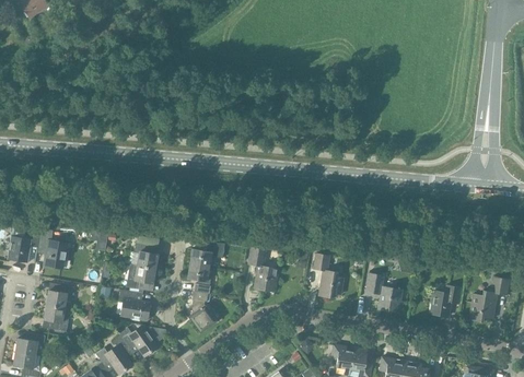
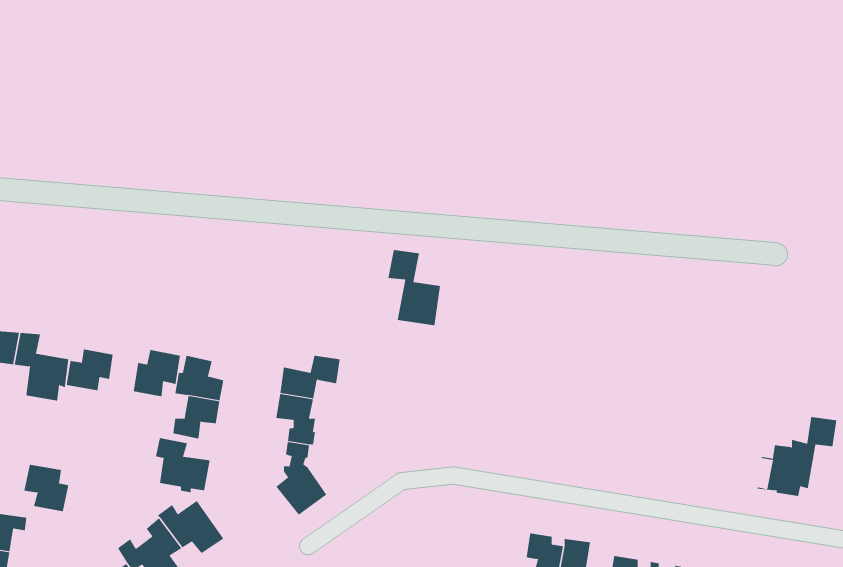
building: none -> [133,349,181,397]
building: [247,247,278,291] -> [387,249,441,326]
building: [313,252,342,296] -> none
building: [365,272,401,310] -> none
building: [46,283,73,307] -> [66,349,114,391]
building: [430,285,459,315] -> none

